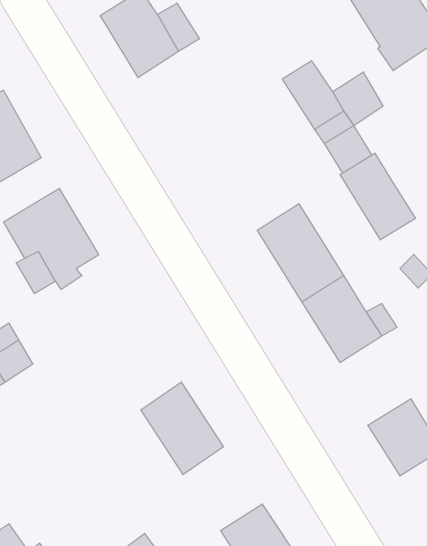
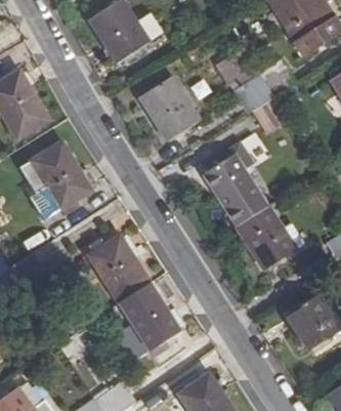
building: none -> [140,77,199,140]
building: [340,153,415,240] -> none
building: none -> [89,236,150,303]

